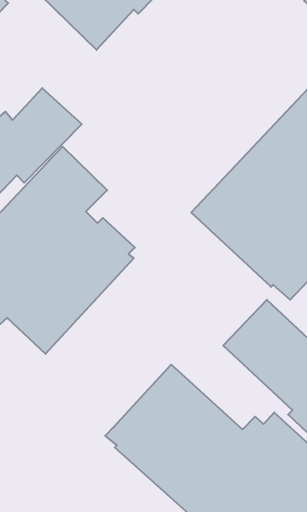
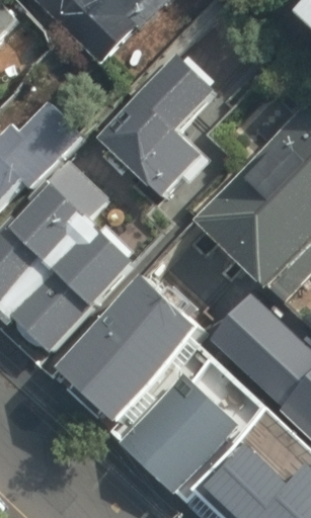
building: none -> [97,55,214,199]
building: none -> [56,276,203,424]

